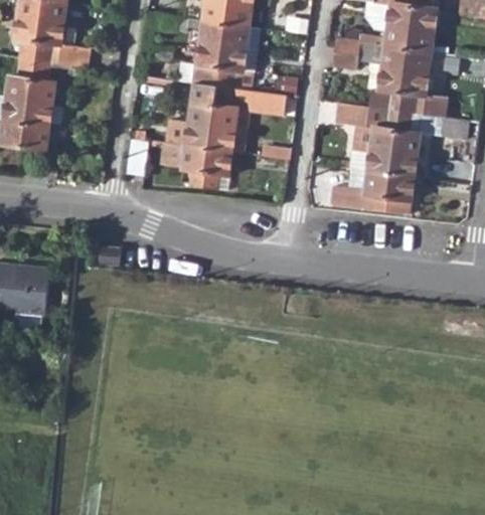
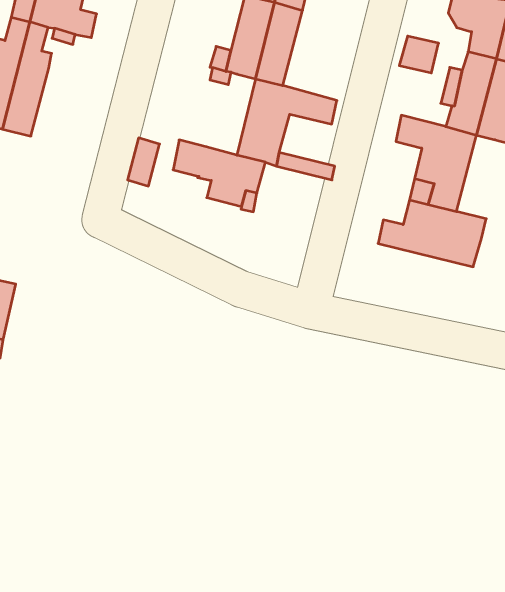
building: [186,82,219,147] -> none
building: [390,110,420,175] -> none

